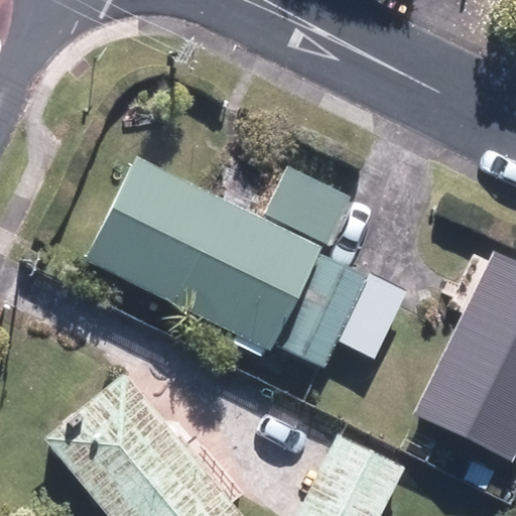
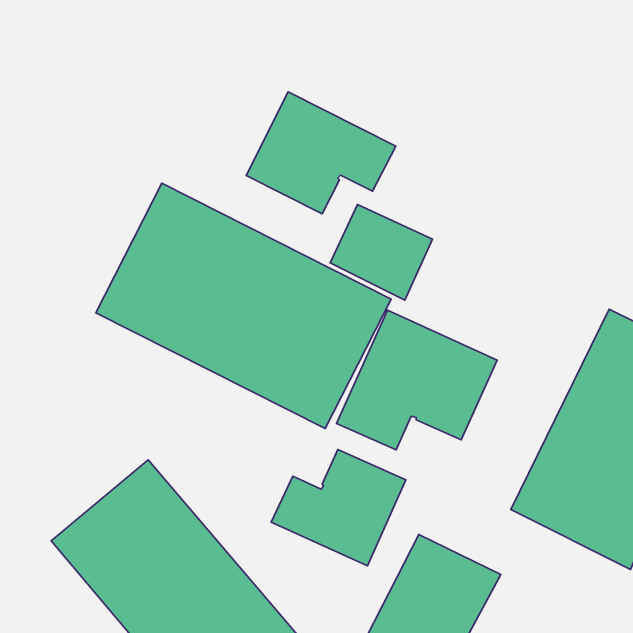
building: none -> [246,92,396,214]
building: none -> [271,449,406,566]

